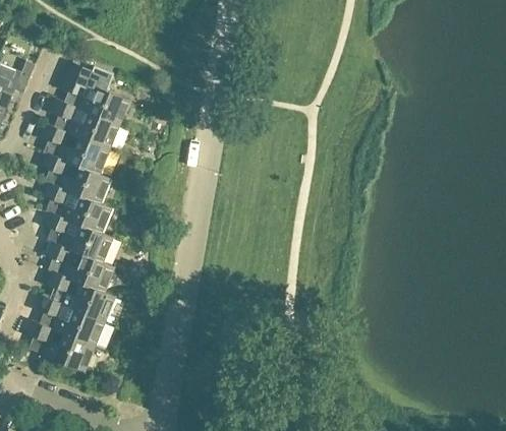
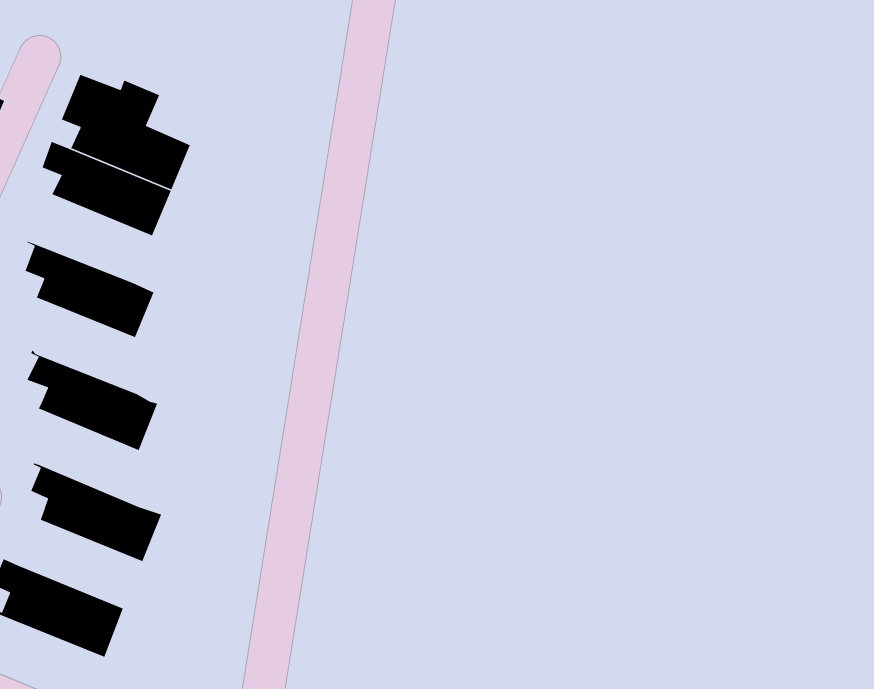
building: [42,123,111,174] -> none
building: [44,180,113,233] -> none
building: [45,240,114,293] -> none
building: [36,296,106,347] -> none

